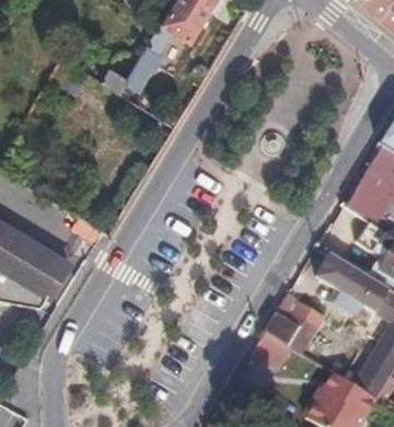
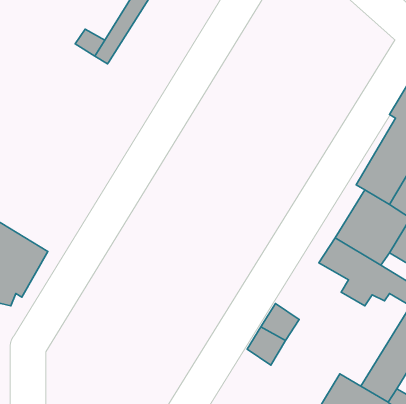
building: [277,295,322,354] -> none

